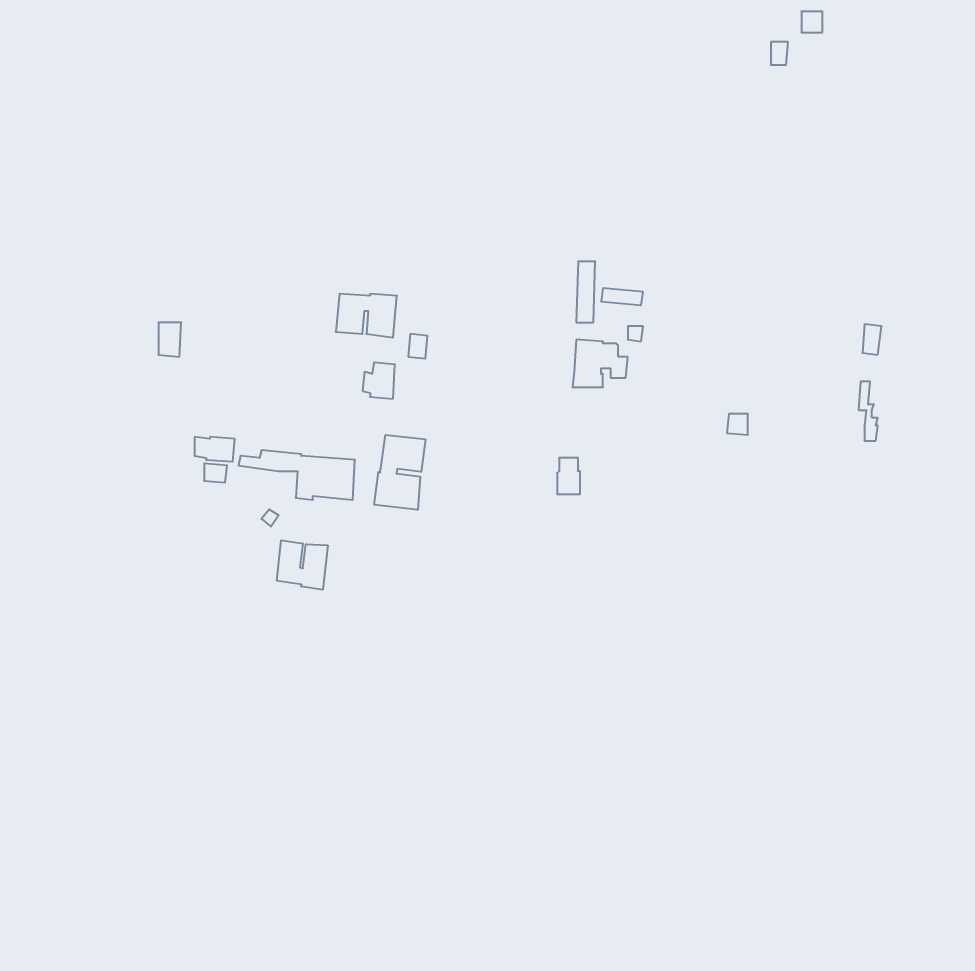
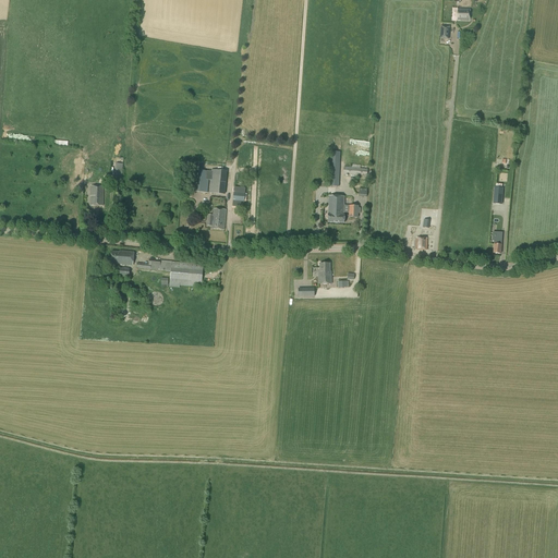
building: [374,435,425,510] -> none
building: [277,540,328,590] -> none

